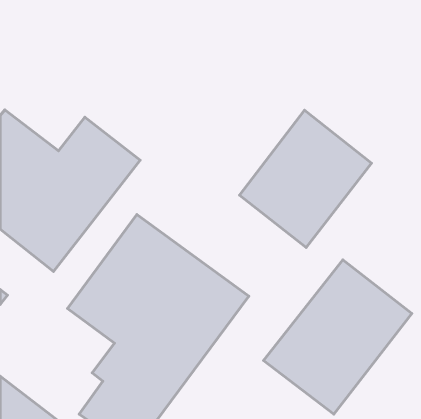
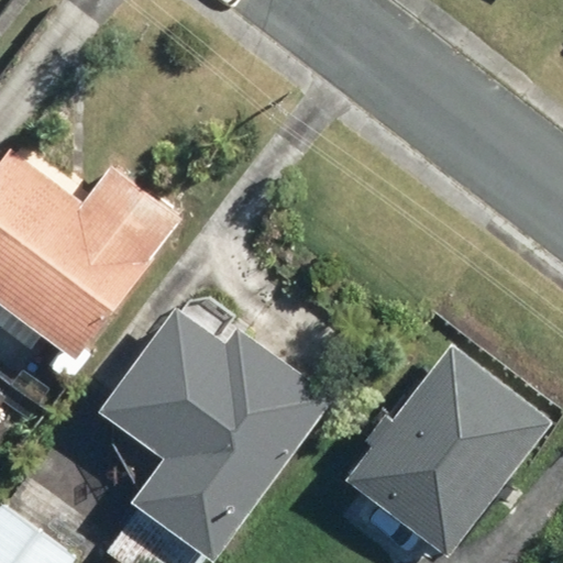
building: [239,110,372,247] -> none

